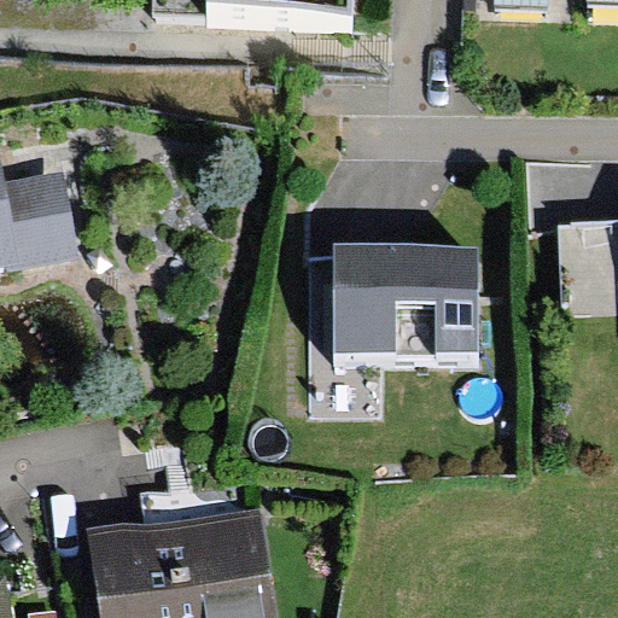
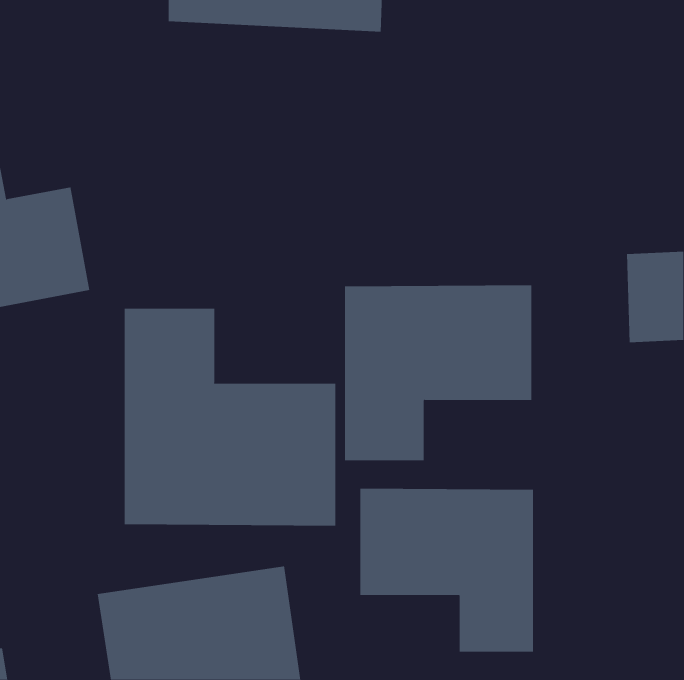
building: none -> [124,308,336,526]
building: none -> [360,488,533,653]

